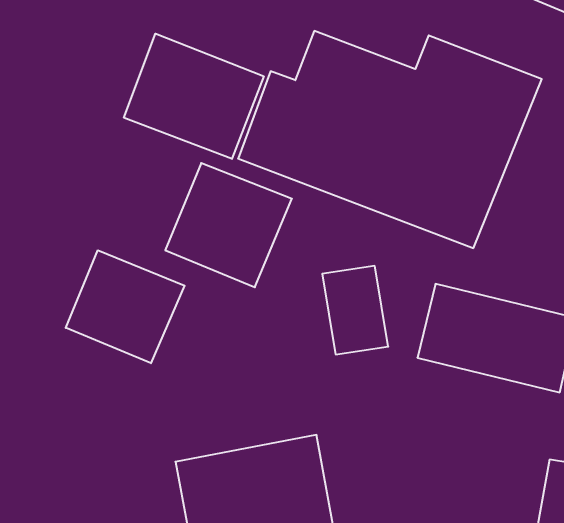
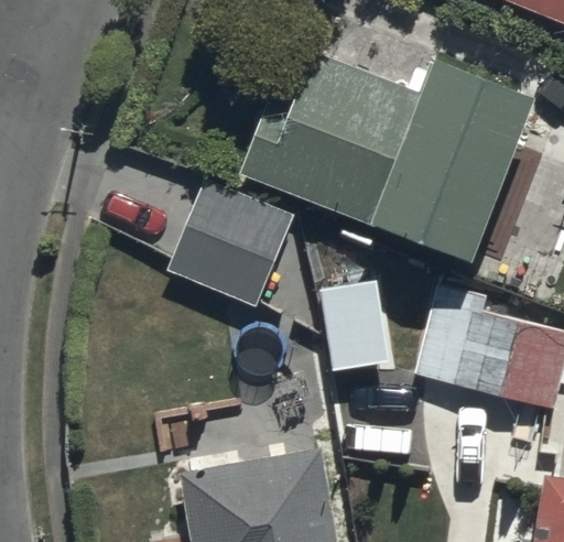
building: [124,34,264,159] -> none
building: [66,250,185,363] -> none

